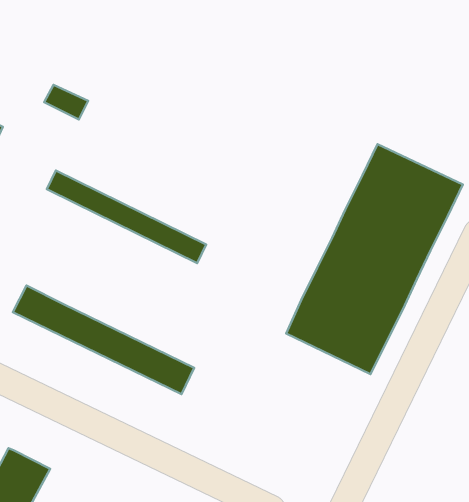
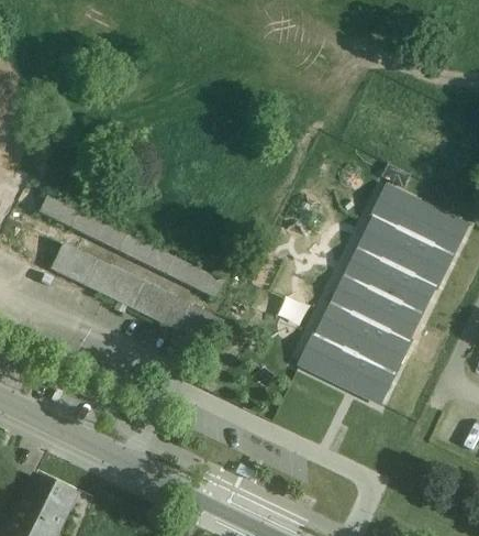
building: [44,85,88,119] -> [40,194,81,227]
building: [13,286,194,394] -> [52,241,224,344]

